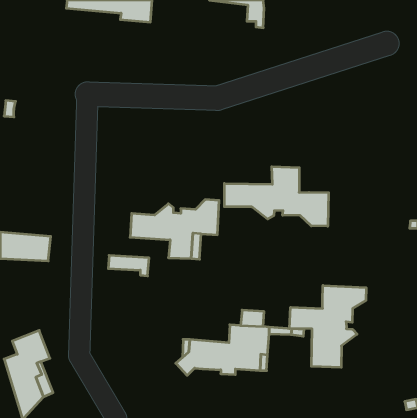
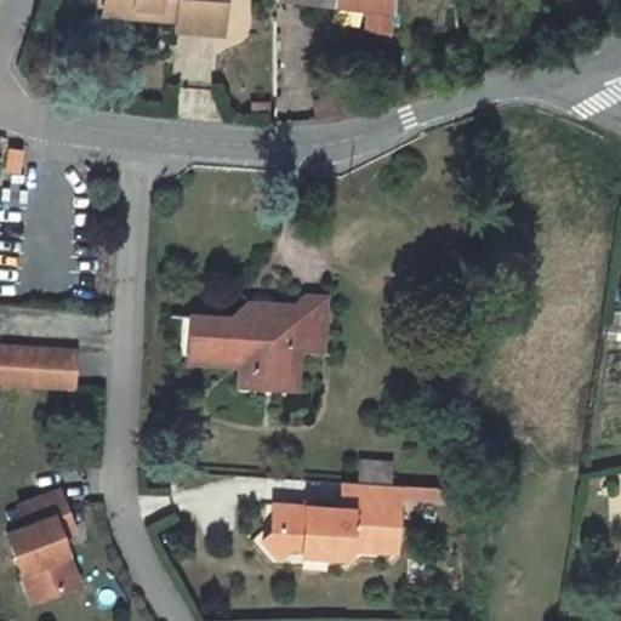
building: [224,167,329,226] -> none
building: [108,255,149,276] -> [193,352,253,382]
building: [289,285,366,367] -> none

